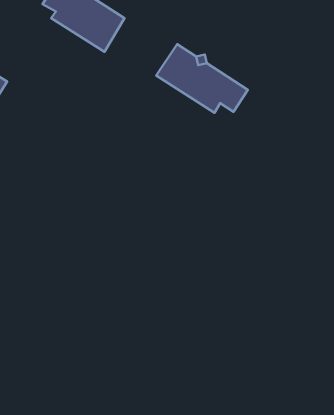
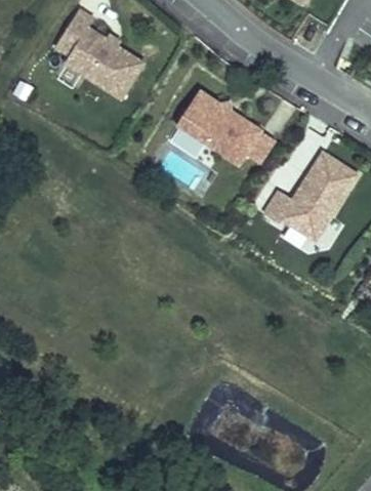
building: none -> [265,153,359,240]

